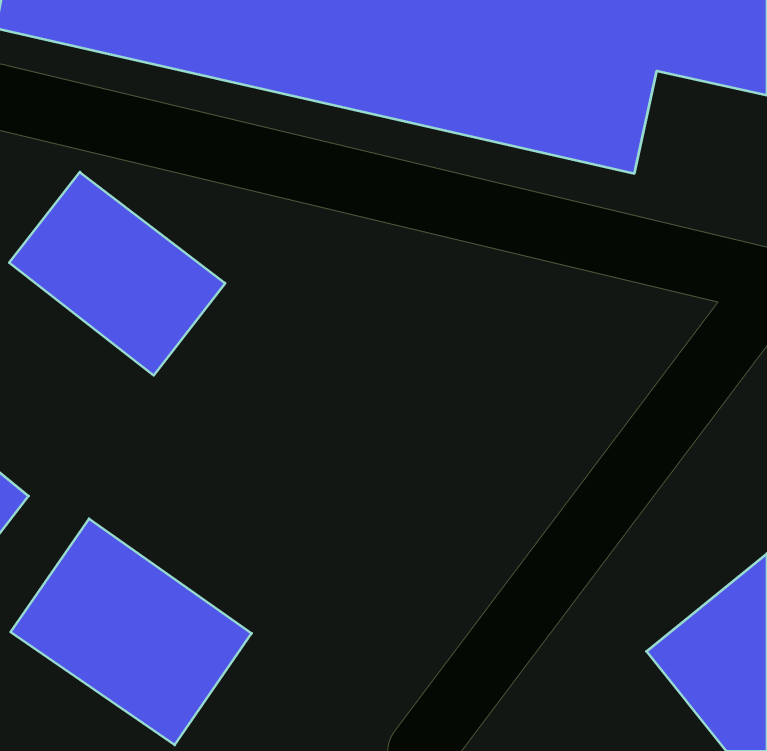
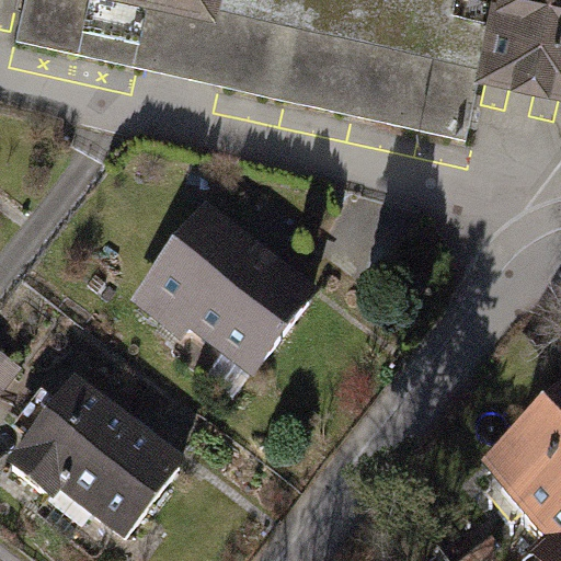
building: [9,172,225,375] -> none
building: none -> [138,209,317,380]

